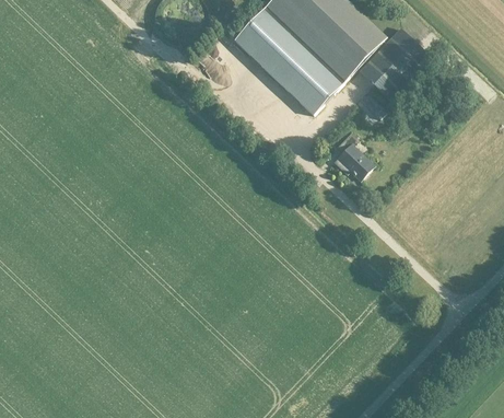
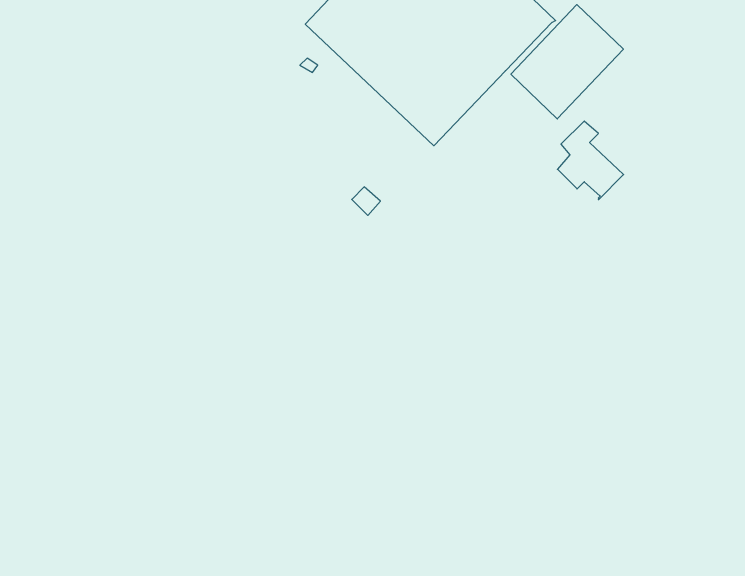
building: [333,132,374,181] -> [557,121,624,200]

